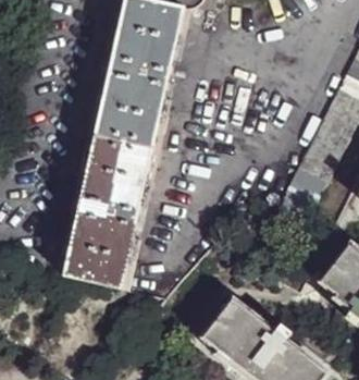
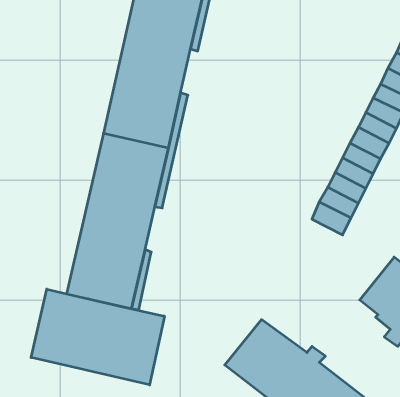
building: none -> [31,289,164,385]

